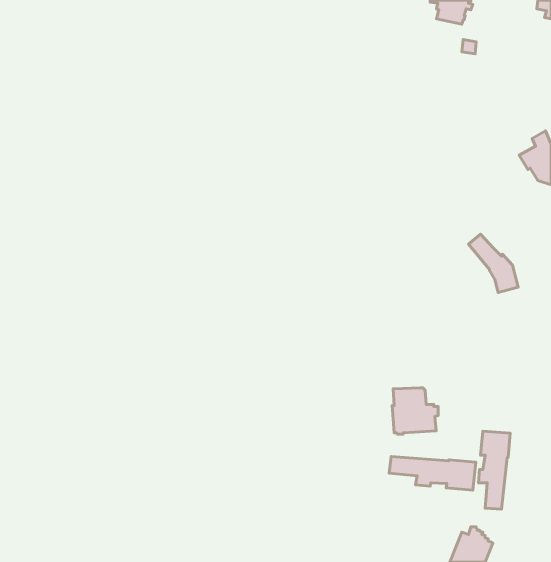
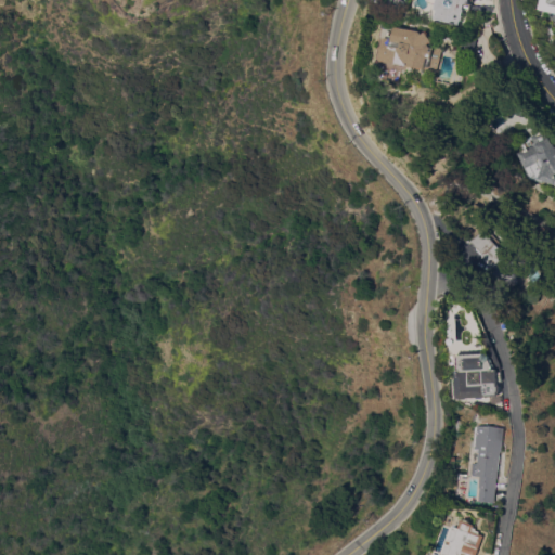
building: none -> [376,26,437,70]
building: [392,388,438,434] -> [453,353,499,399]
building: [389,456,476,490] -> none

